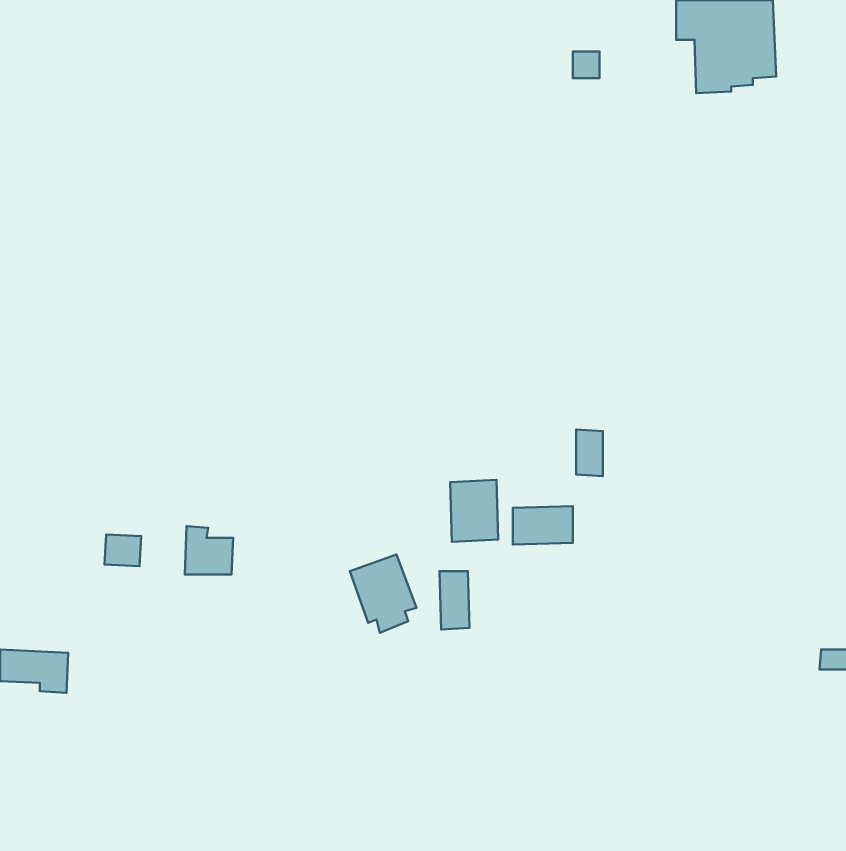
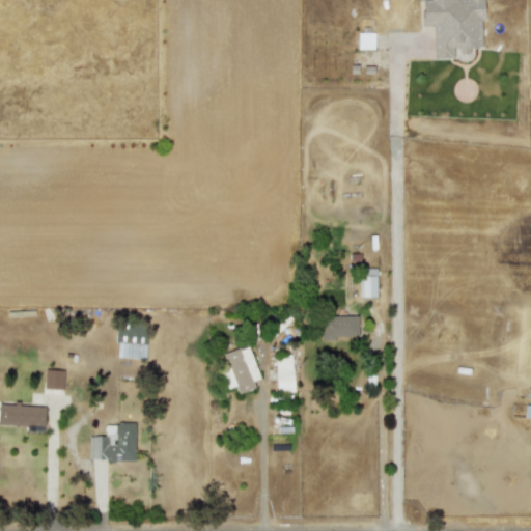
building: [450,480,498,542] -> none
building: [105,535,141,566] -> [46,369,68,389]
building: none -> [90,423,137,460]

